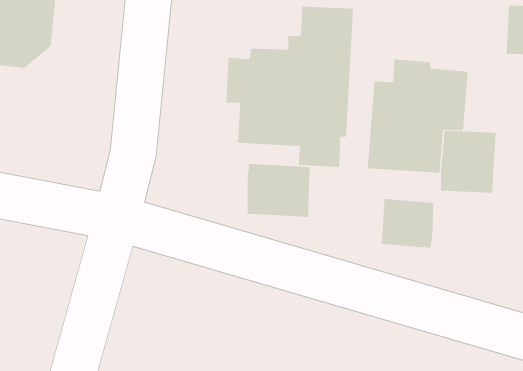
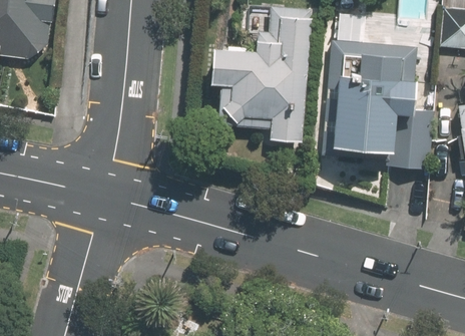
building: [247,163,310,218] -> none
building: [381,198,434,249] -> none

